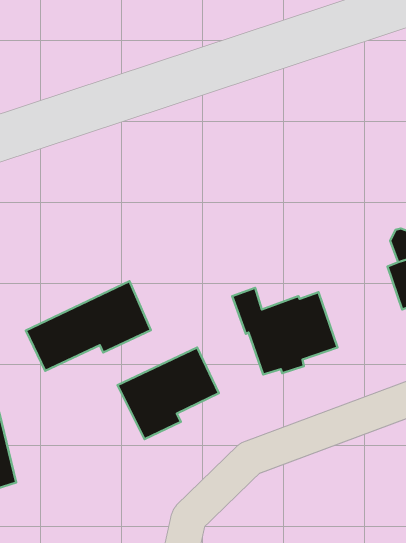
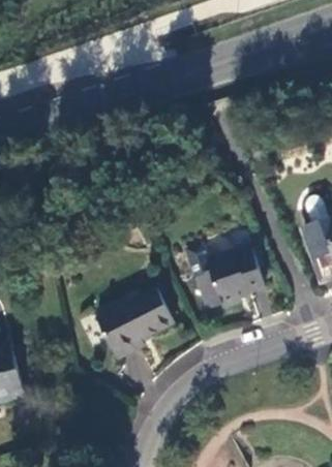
building: [26,281,151,371] -> none

